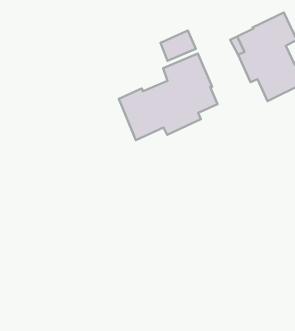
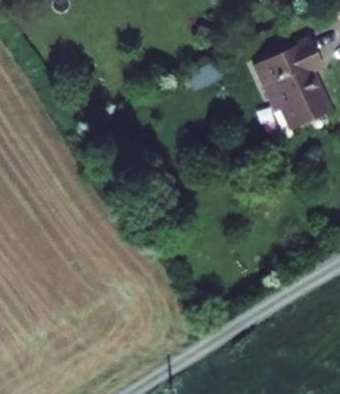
building: [119,53,217,140] -> none

